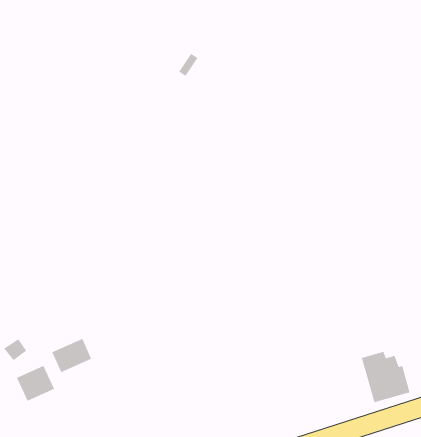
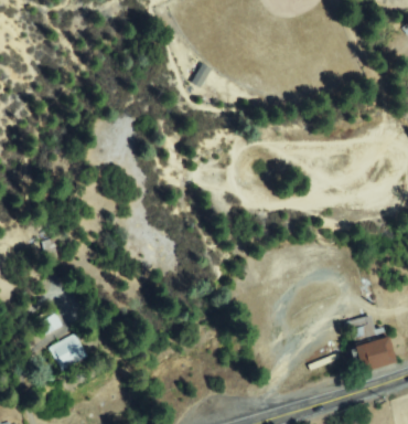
building: [51,338,92,373] -> none

